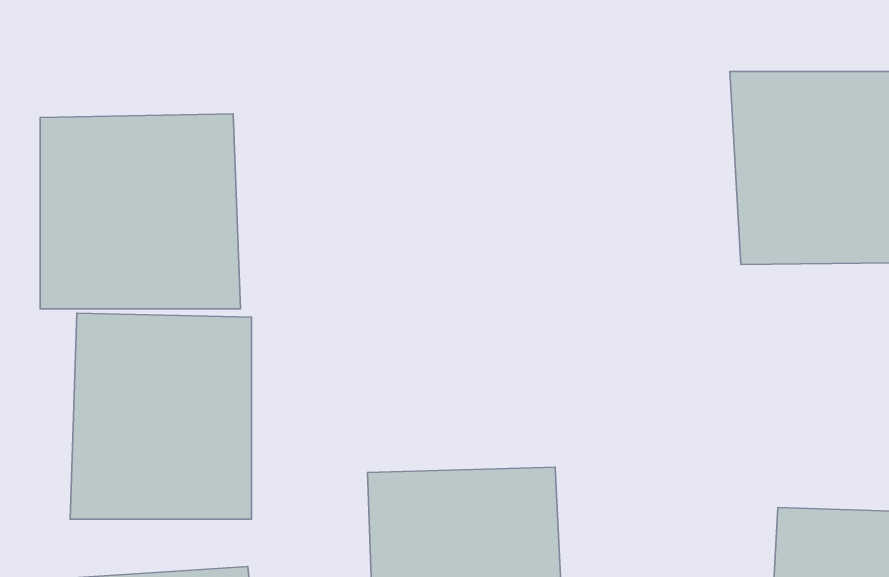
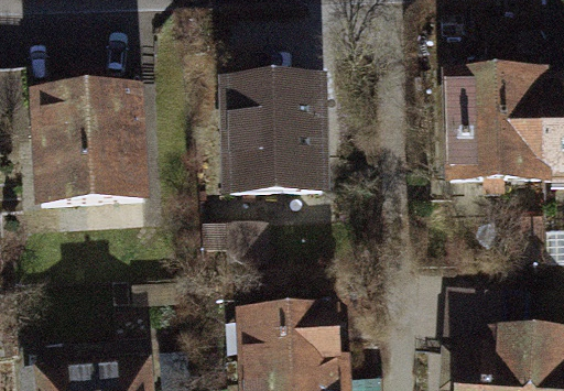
building: none -> [220,75,334,192]
building: [70,313,252,519] -> none

